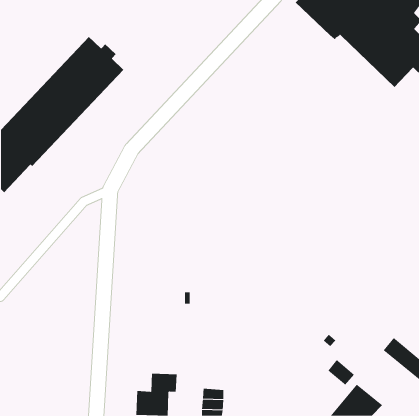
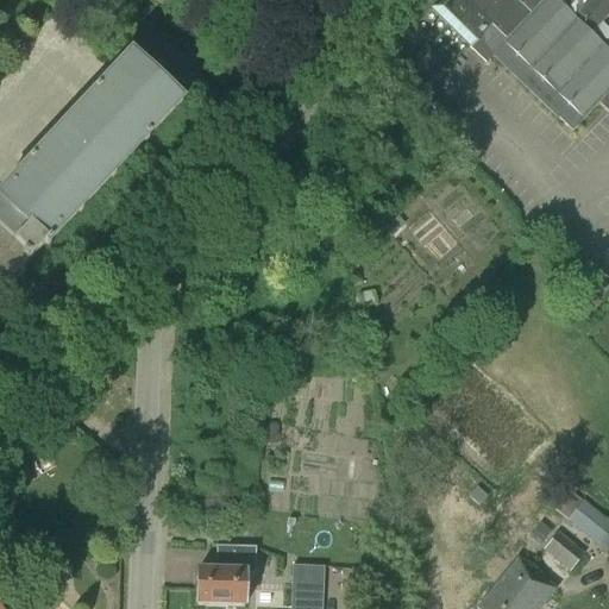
building: [328,359,355,385] -> [545,528,584,566]

